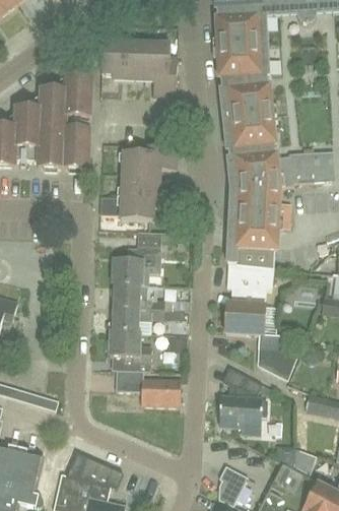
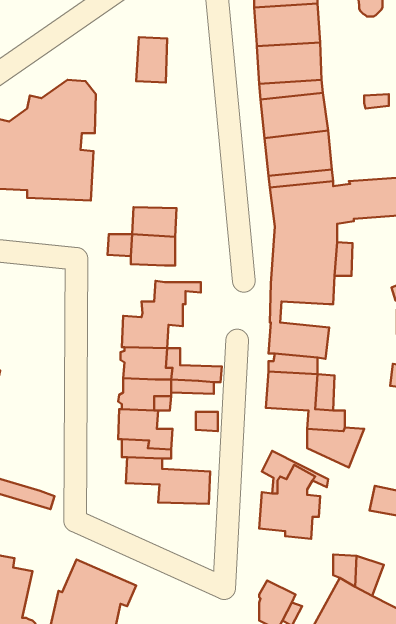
building: [100,40,125,75] -> none
building: [146,42,177,97] -> none
building: [121,144,176,175] -> none
building: [235,248,274,268] -> none

